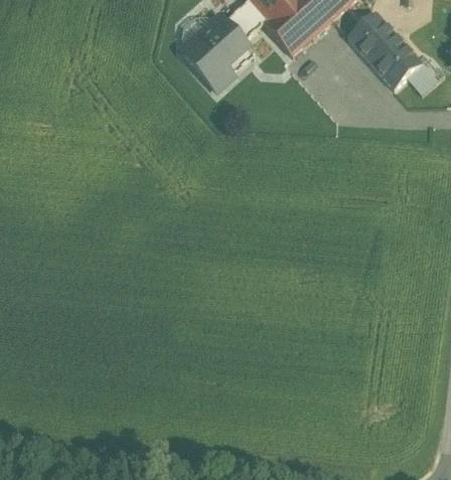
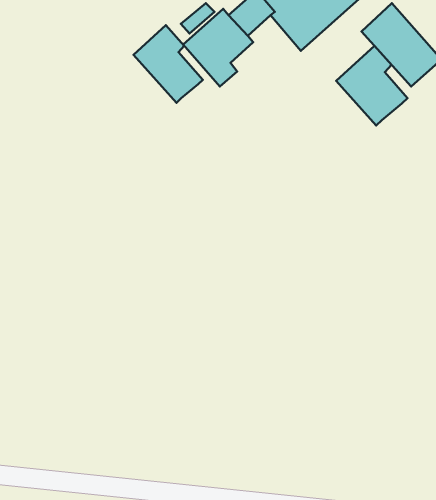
building: none -> [134,25,203,103]
building: none -> [336,46,408,126]

